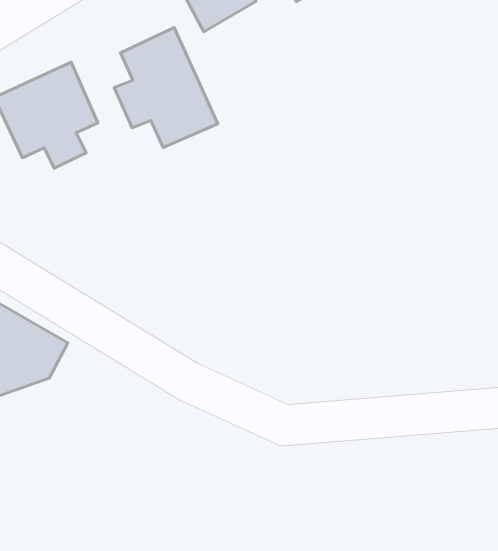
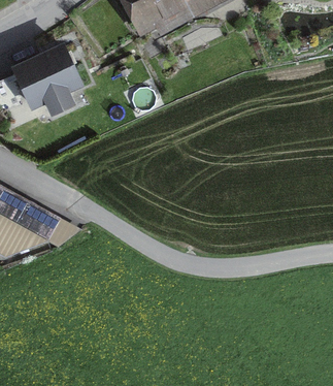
building: [114,28,218,148] -> none

